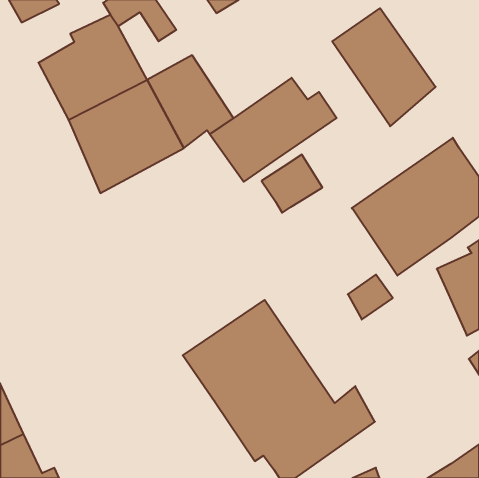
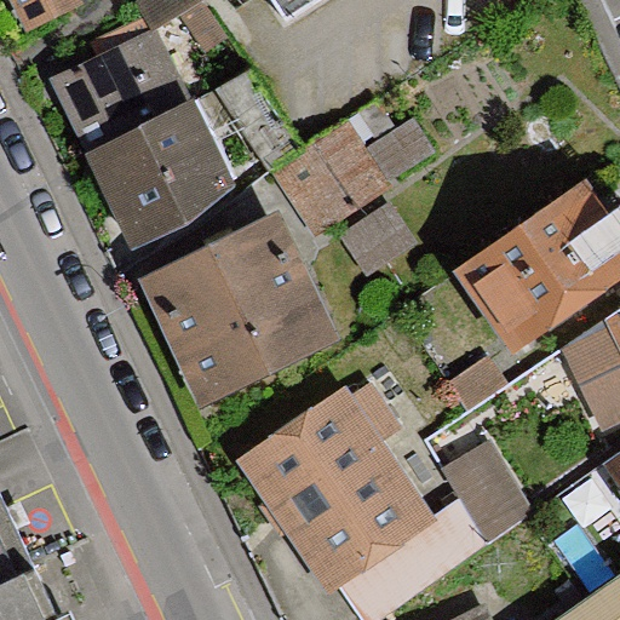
building: [332,8,436,126] -> none
building: none -> [136,209,337,403]
building: none -> [442,438,533,545]

